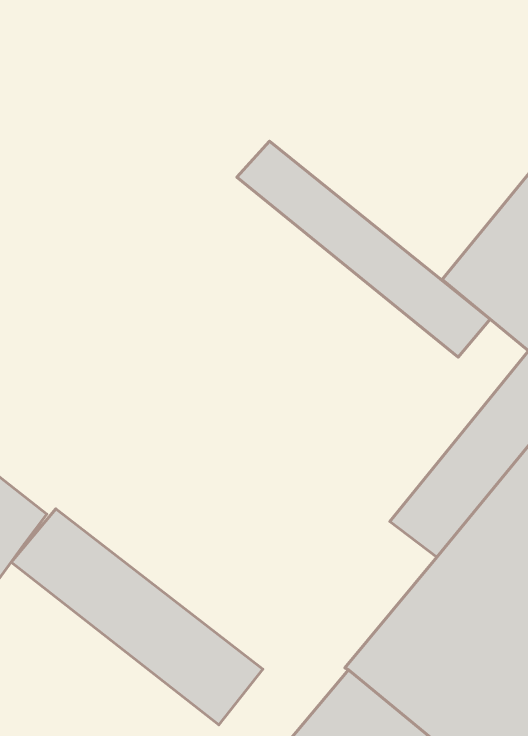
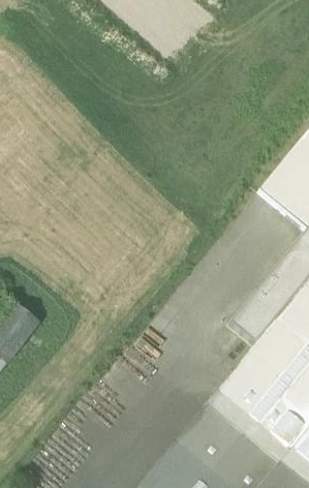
building: [237,141,490,357] -> none
building: [11,509,263,725] -> none

